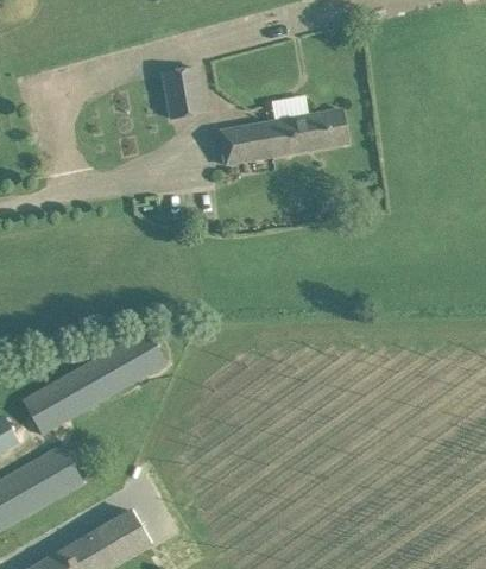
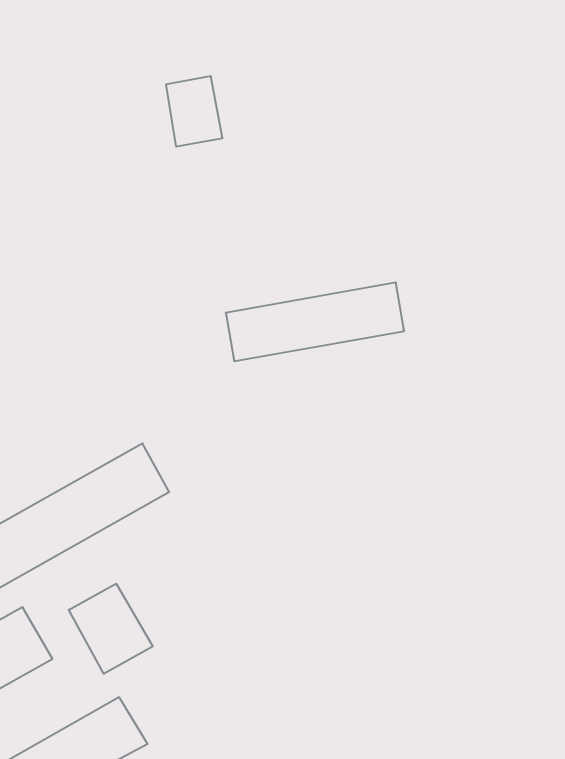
building: [219,109,346,165] -> [226,283,404,361]
building: none -> [69,584,153,674]

